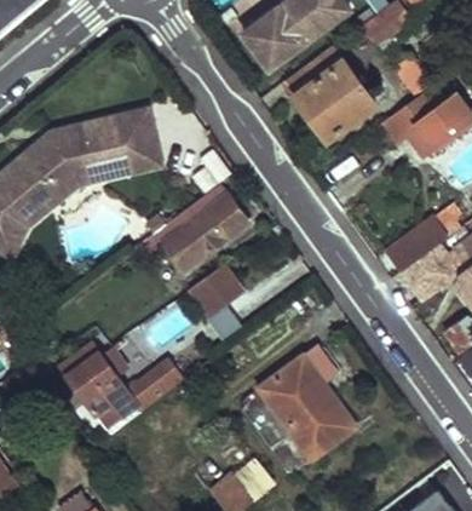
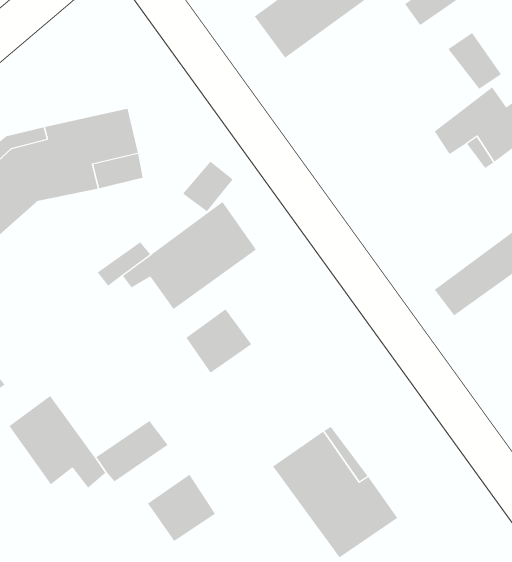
building: [286,46,375,142] -> none
building: none -> [147,474,216,542]

